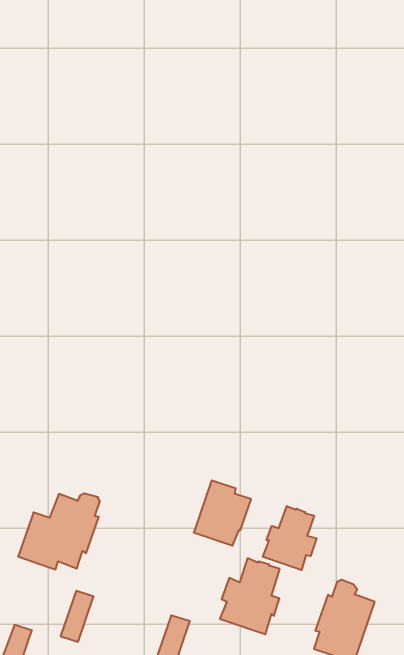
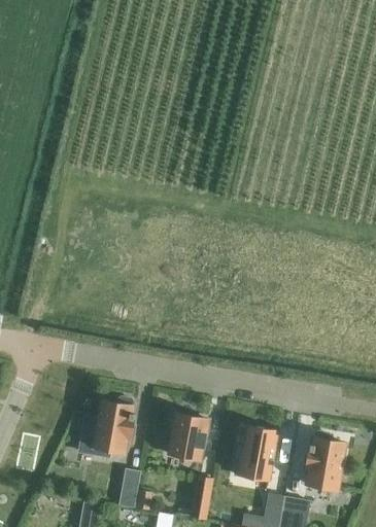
building: [194,480,251,546] -> [169,415,207,460]
building: [263,506,317,570] -> none

